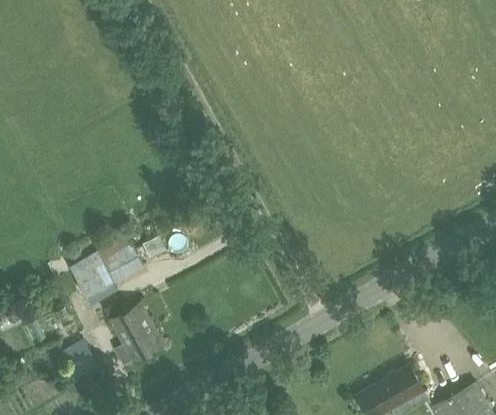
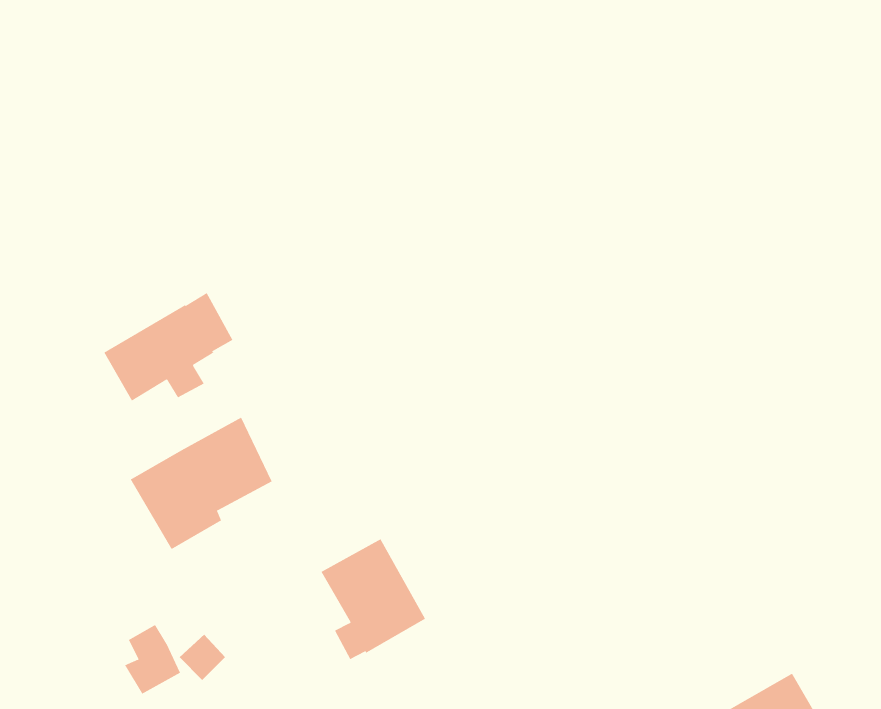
building: none -> [104,292,233,401]
building: [109,305,163,367] -> [320,539,426,660]

